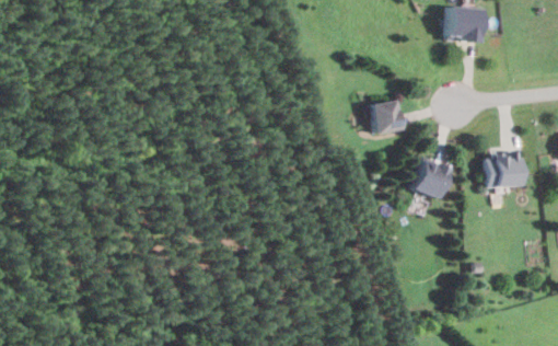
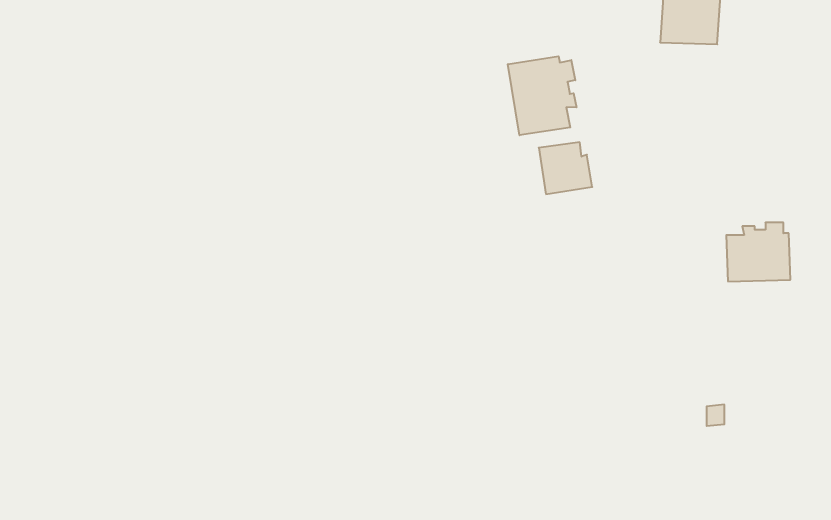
building: none -> [508,56,576,135]
building: [414,158,452,198] -> none

